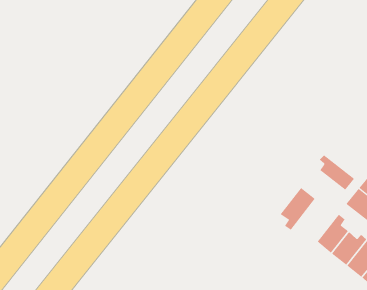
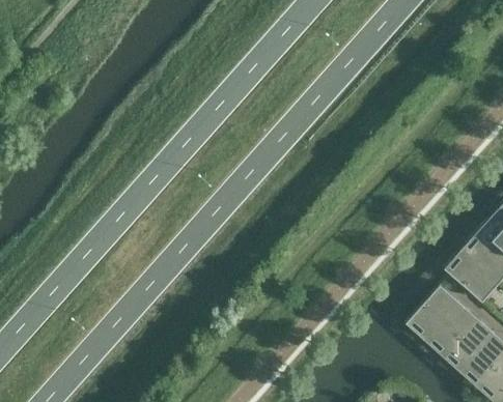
building: [319,154,355,191] -> none
building: [280,187,315,230] -> none

